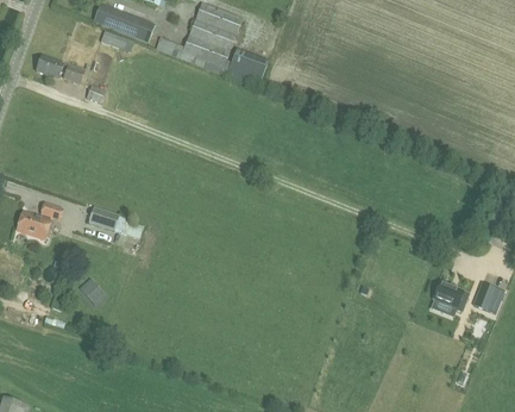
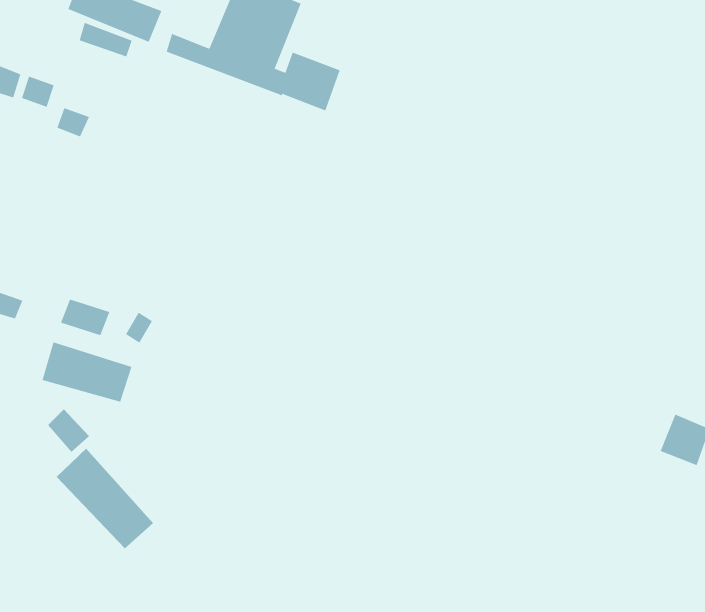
building: none -> [42,341,132,403]
building: [433,276,464,308] -> none
building: none -> [56,448,154,549]

